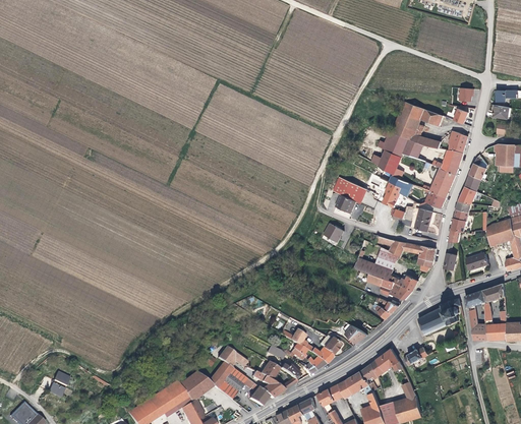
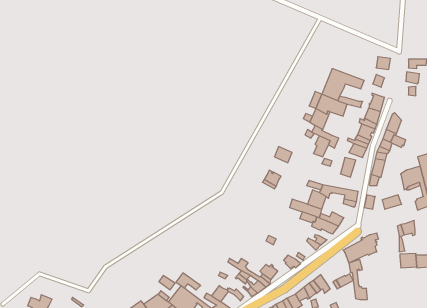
building: [494,144,514,172] -> none
building: [333,177,367,204] -> none
building: [464,293,486,341] -> [349,260,367,299]

